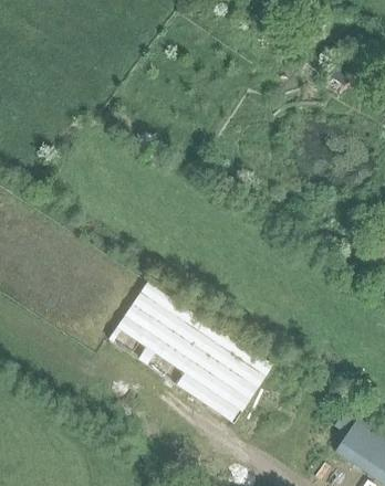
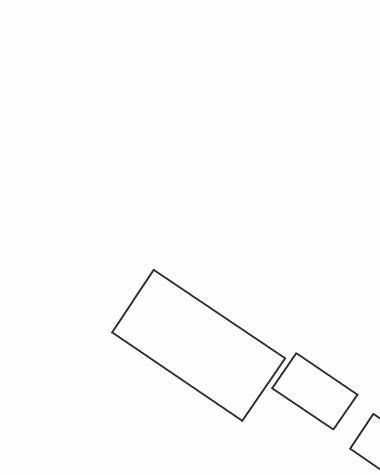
building: none -> [272,353,358,429]

